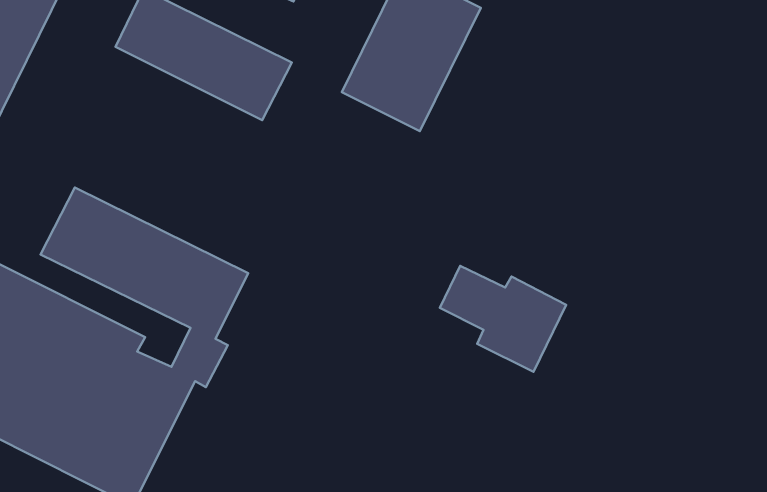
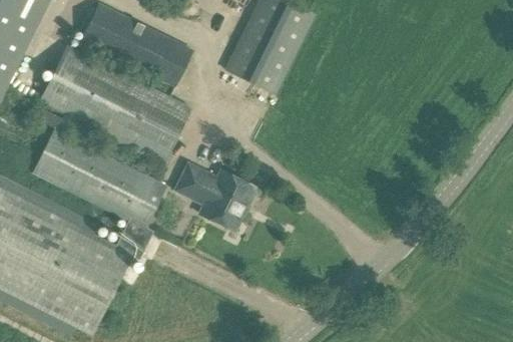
building: none -> [39,45,190,163]
building: [440,266,566,372] -> [174,162,255,231]

